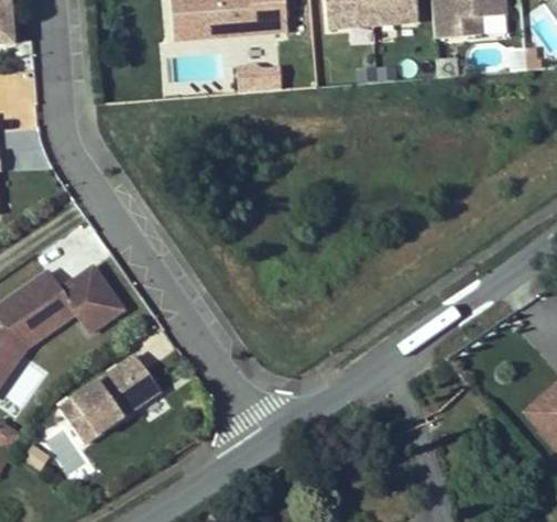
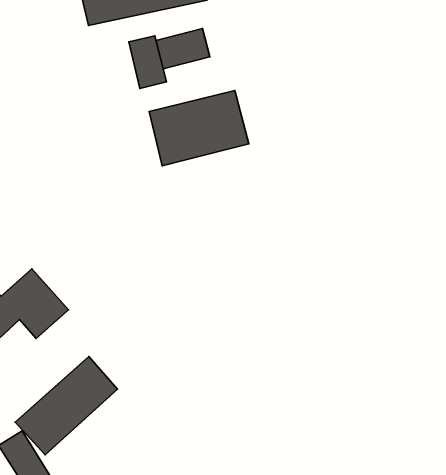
building: none -> [129,36,166,89]
building: none -> [149,91,249,166]

